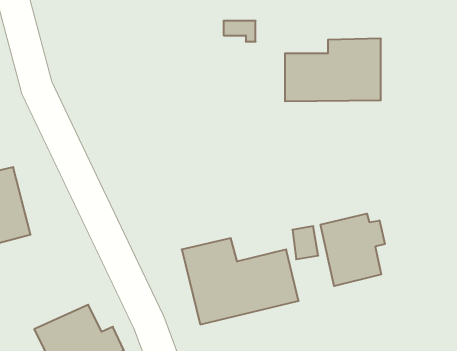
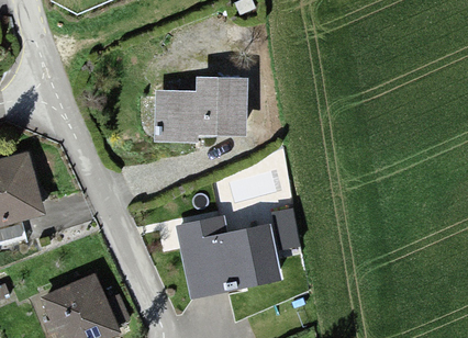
building: [285,39,381,101] -> [158,78,244,134]
building: [321,214,385,286] -> none

